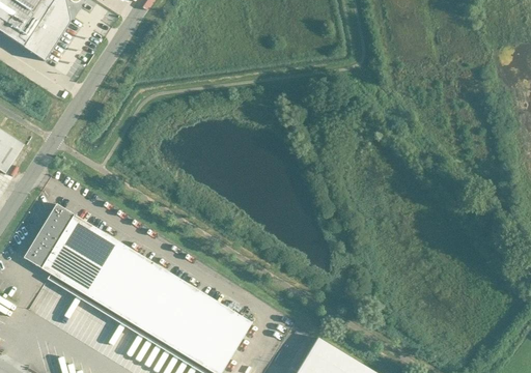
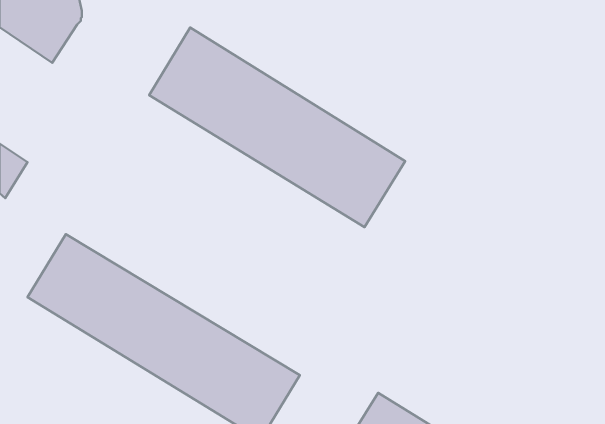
building: none -> [149,27,405,227]

